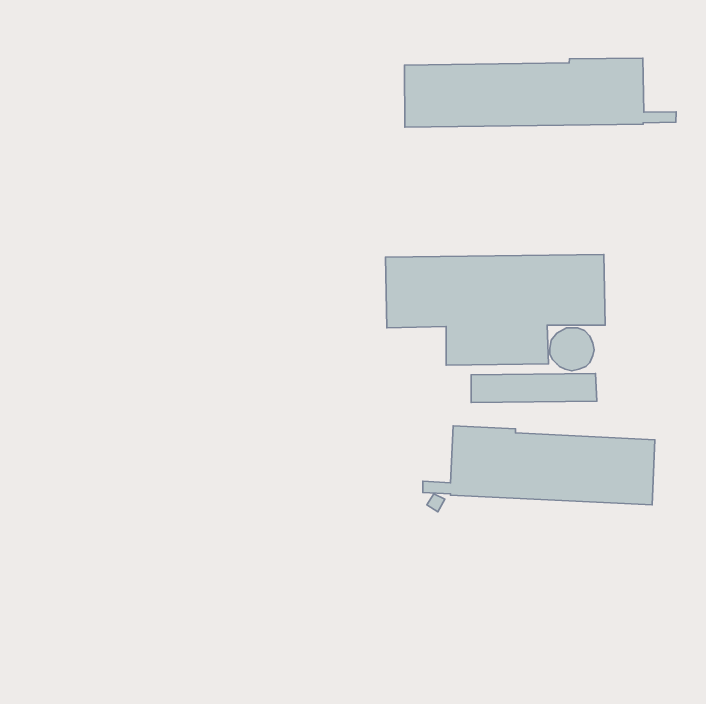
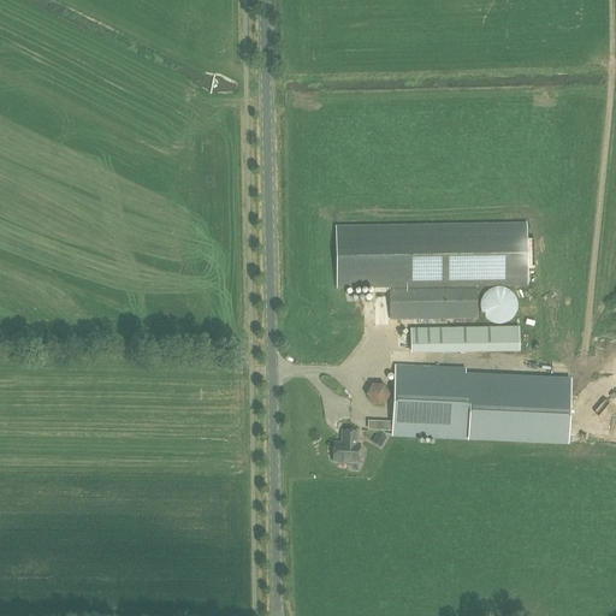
building: [404,58,676,127] -> none
building: none -> [333,428,360,460]

